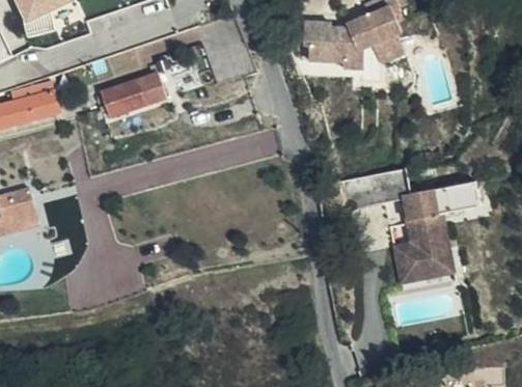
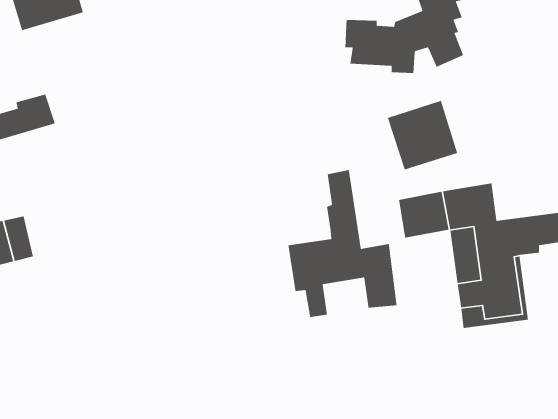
building: [99,74,163,116] -> none
building: none -> [387,100,458,171]
building: none -> [288,169,398,318]

